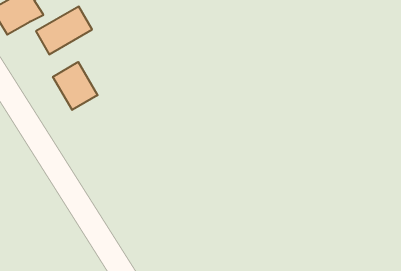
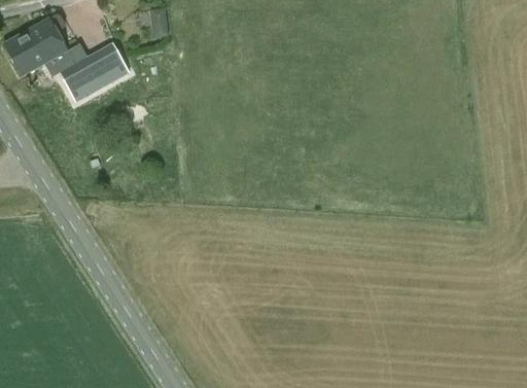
building: [53,62,98,110] -> none

